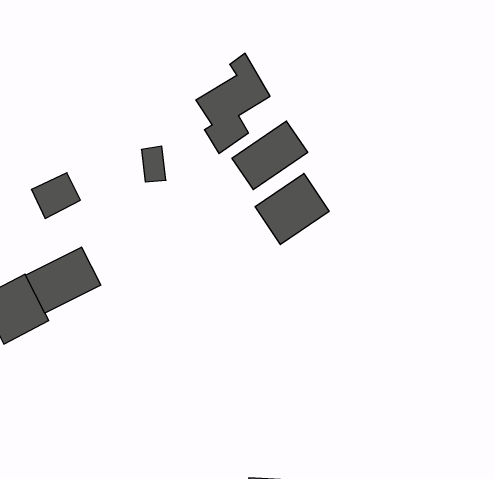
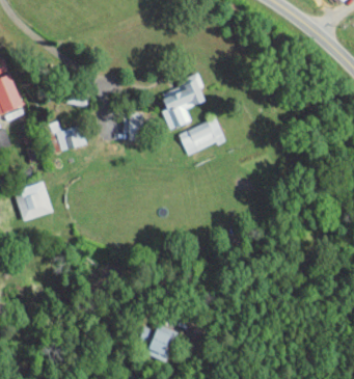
building: [255,173,329,245] -> none
building: [26,247,101,313] -> none

